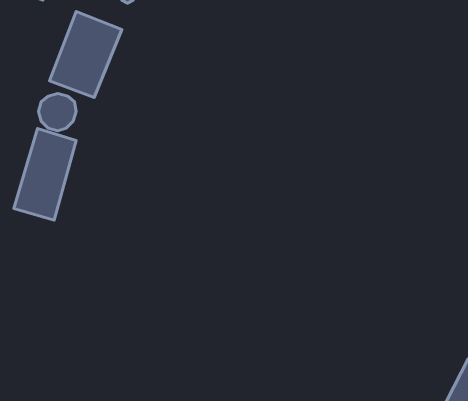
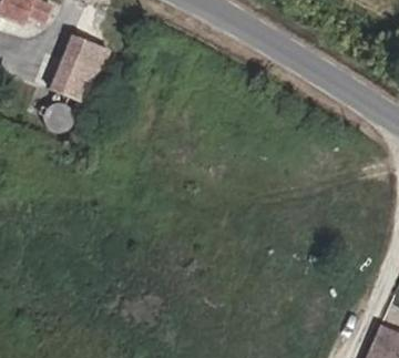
building: [14,128,76,220] -> none

